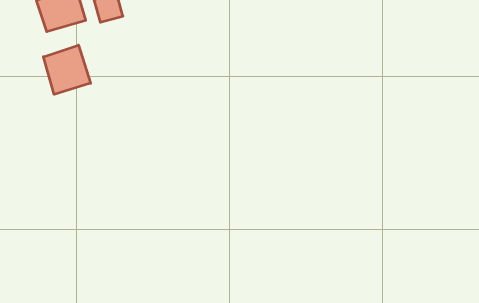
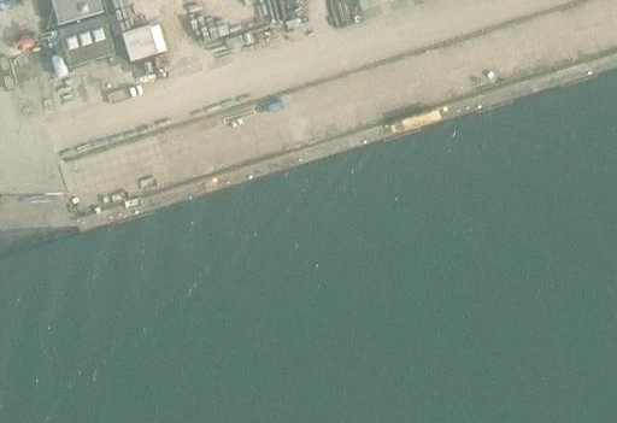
building: [43,45,91,94] -> none

